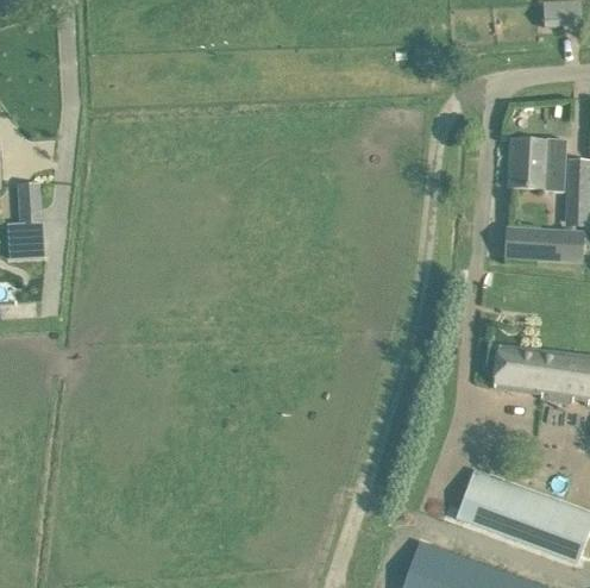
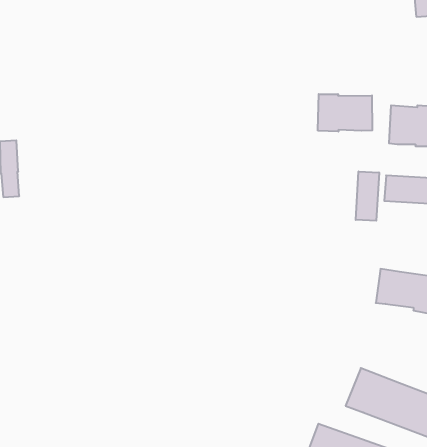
building: none -> [318,94,372,132]
building: none -> [356,171,379,221]

